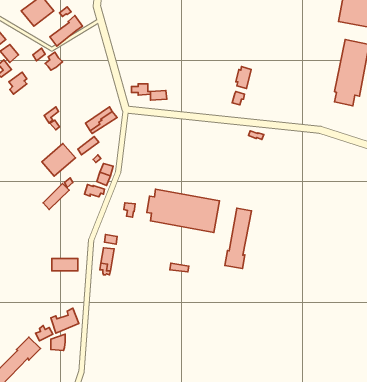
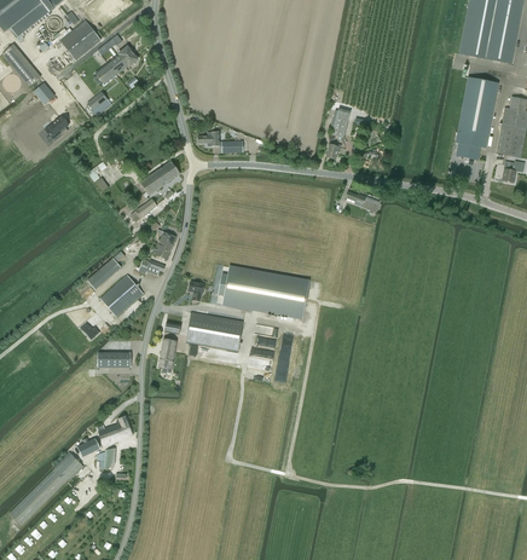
building: [42,143,75,176] -> [100,275,143,316]
building: [225,208,251,269] -> none
building: none -> [186,312,243,351]

